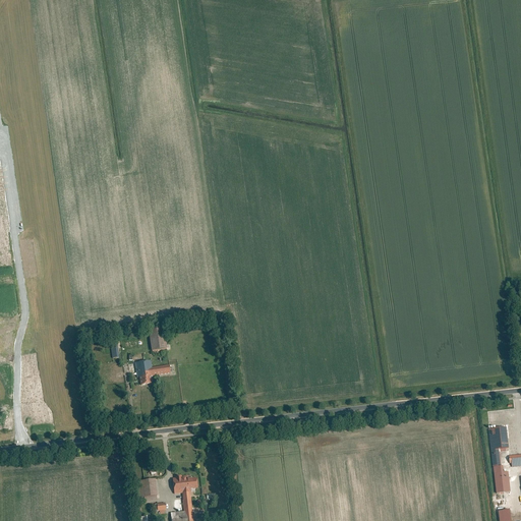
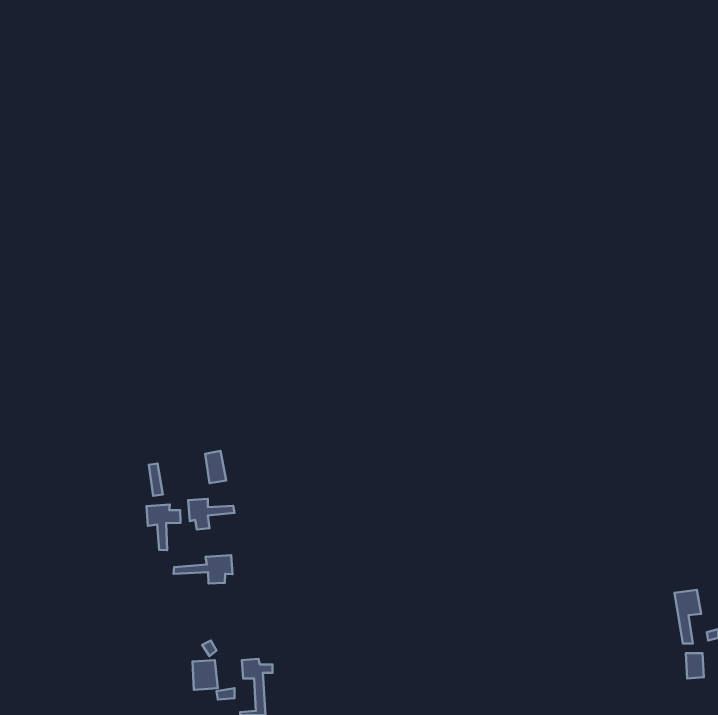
building: none -> [146,504,180,550]
building: none -> [173,555,233,584]

